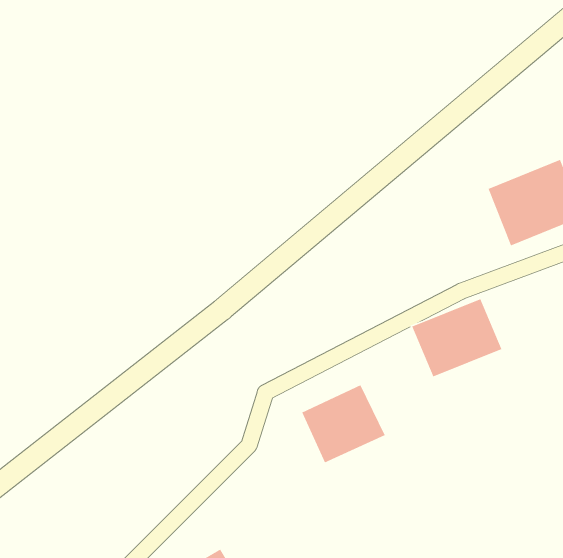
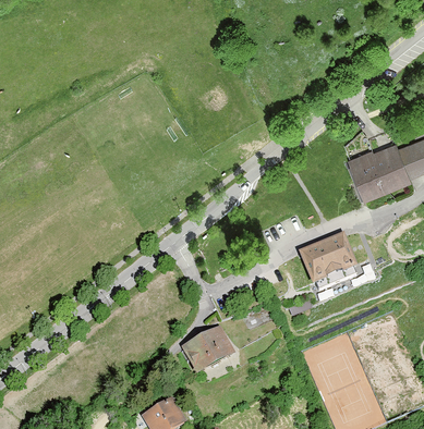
building: [301,384,386,464] -> [183,330,239,382]

